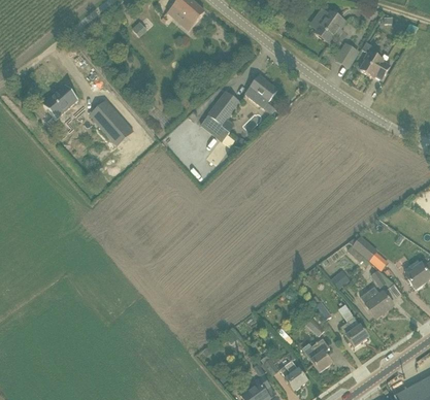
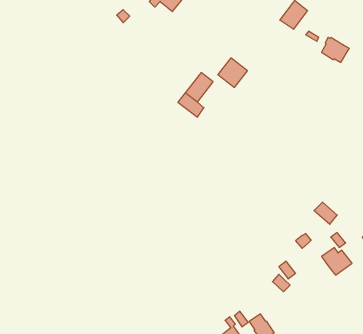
building: [43,84,77,116] -> none
building: [89,98,133,143] -> none
building: [340,315,368,345] -> none
building: [304,336,332,370] -> none

